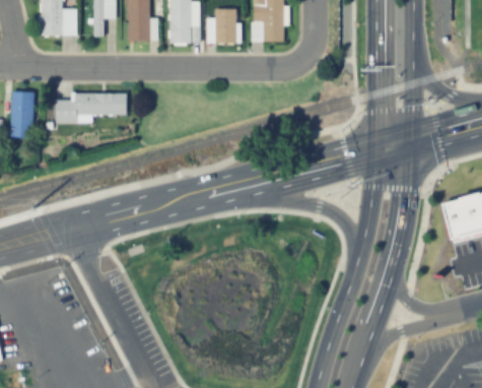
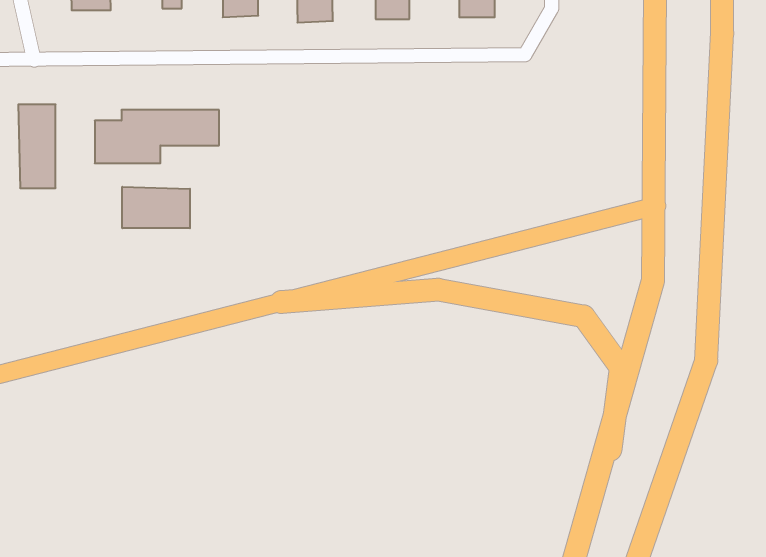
building: none -> [122,187,190,228]

